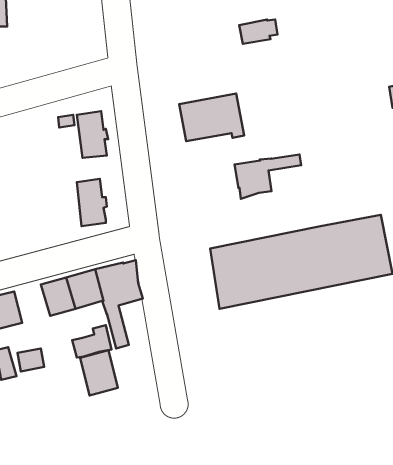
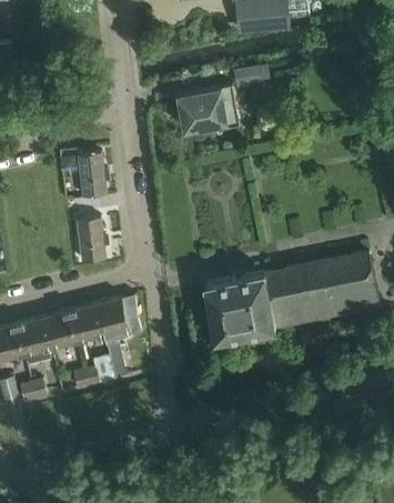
building: [179,94,244,141] -> [176,85,239,131]
building: [234,154,301,199] -> none
building: none -> [17,319,51,355]
building: [80,350,118,396] -> none

